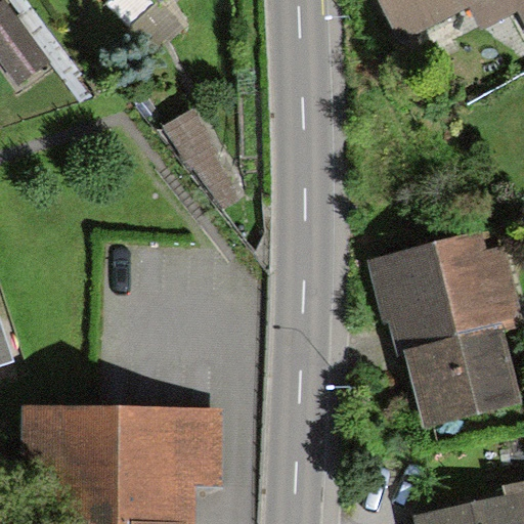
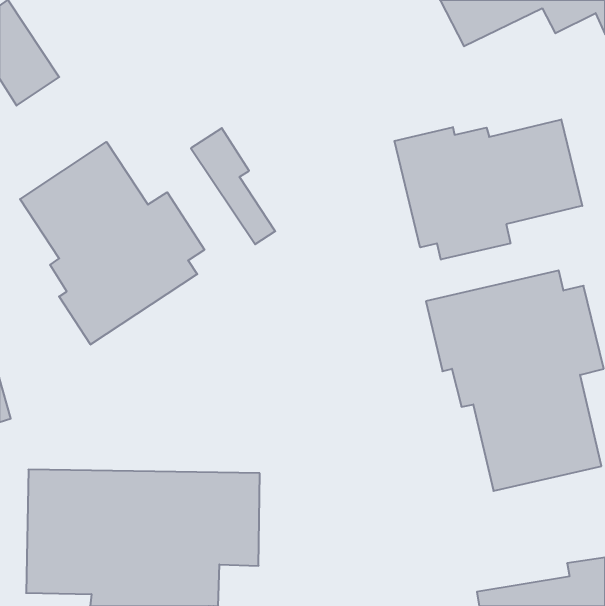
building: none -> [394,119,582,260]
building: none -> [20,142,204,345]

